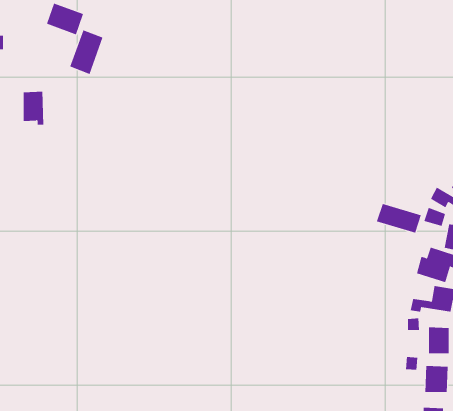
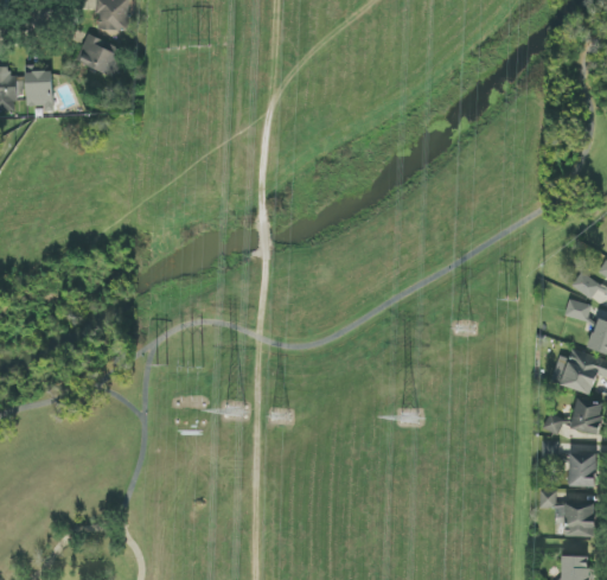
building: [69,30,103,75] -> none
building: [23,91,44,125] -> [26,68,53,111]
building: [376,203,421,234] -> none

